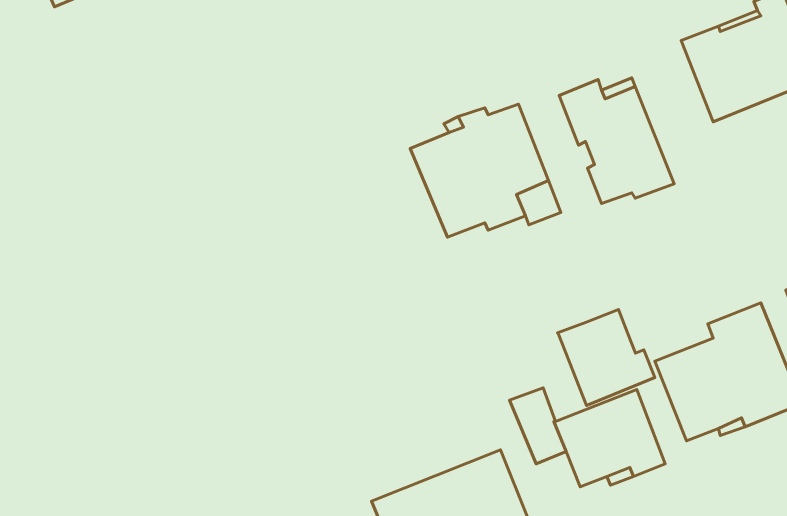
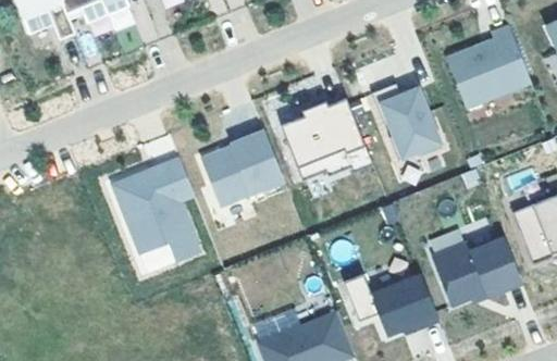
building: none -> [202,129,284,204]
building: none -> [113,157,200,260]
building: [557,310,655,405] -> none

